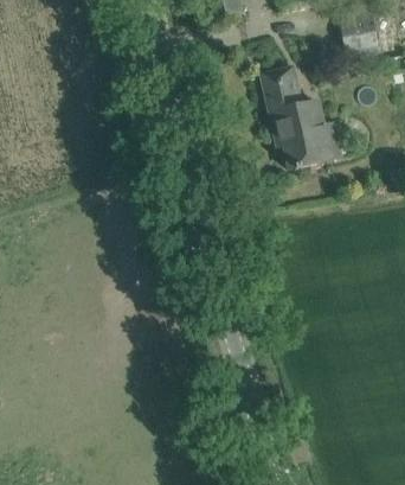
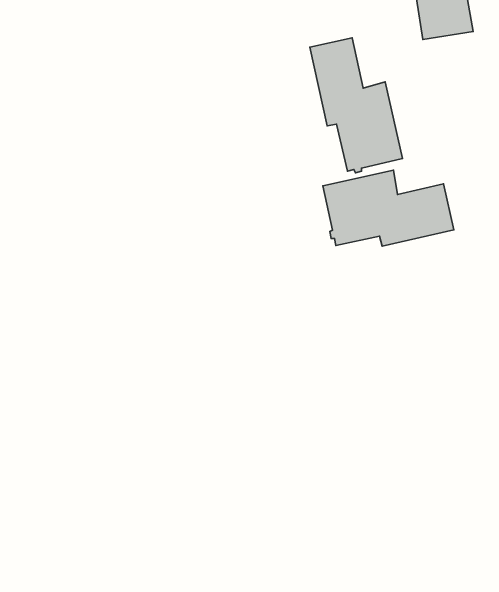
building: none -> [323,170,454,246]

